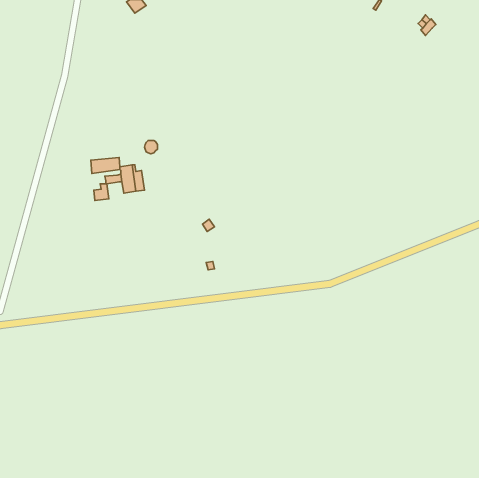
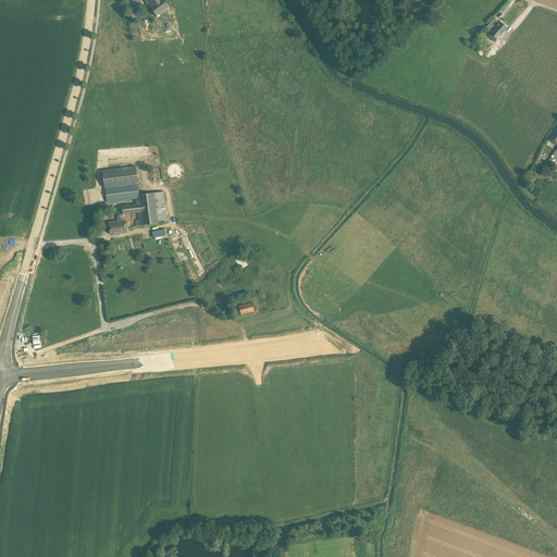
building: none -> [102,165,138,186]

